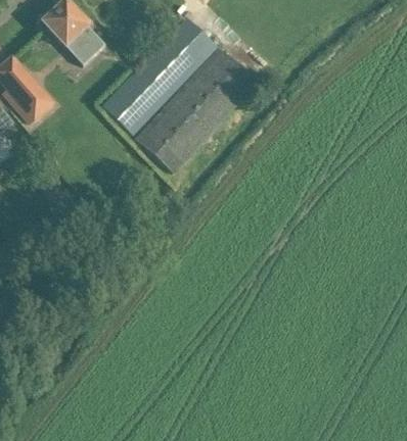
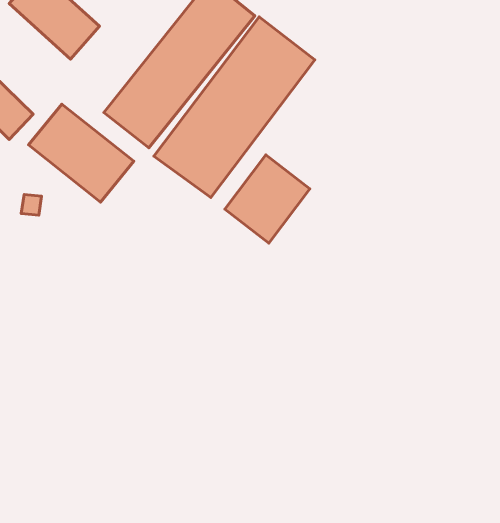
building: none -> [29,104,134,202]
building: none -> [225,155,310,243]

